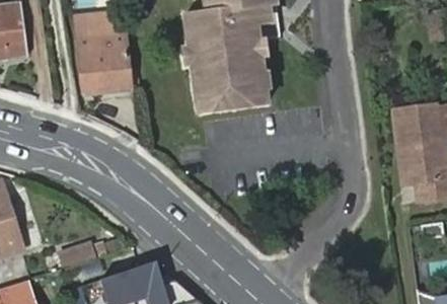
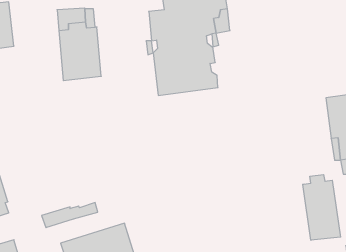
building: none -> [303,175,341,240]

